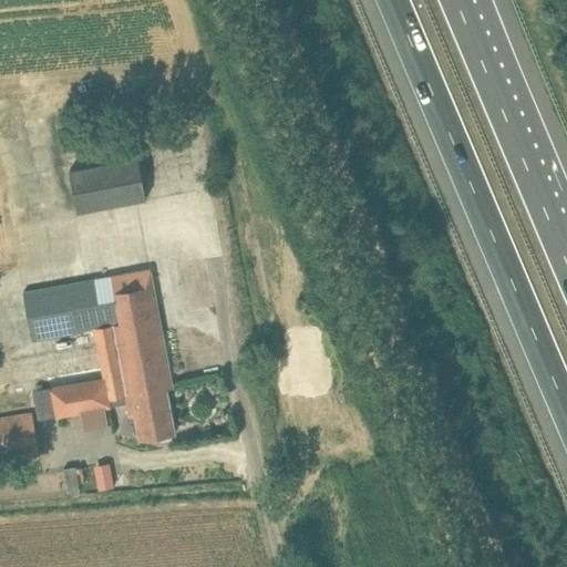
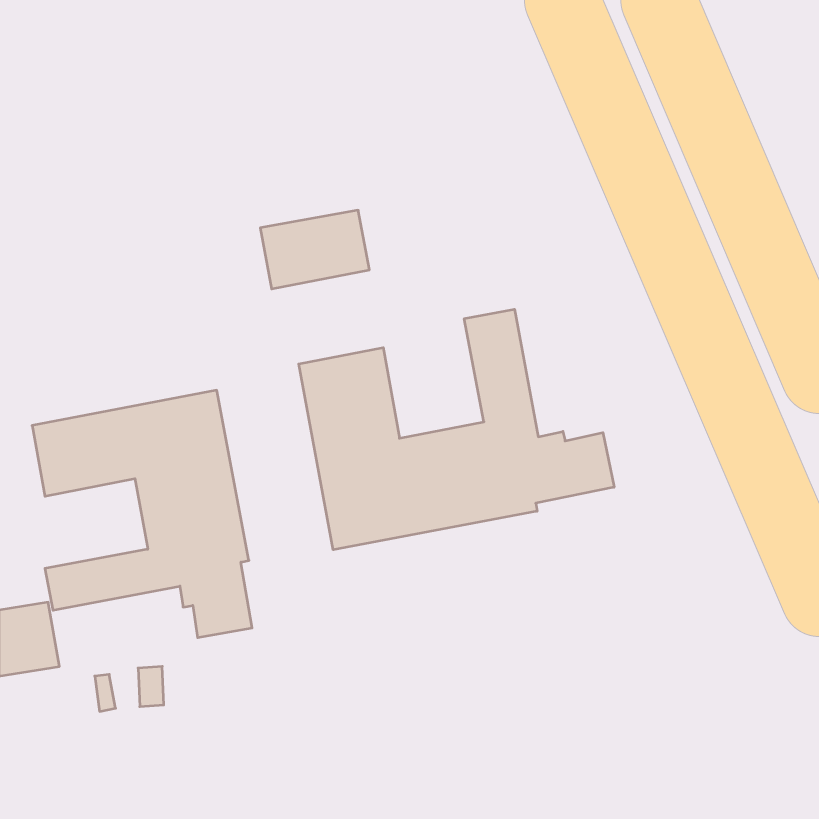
building: [70,157,145,212] -> [260,210,369,289]
building: none -> [299,309,614,550]

